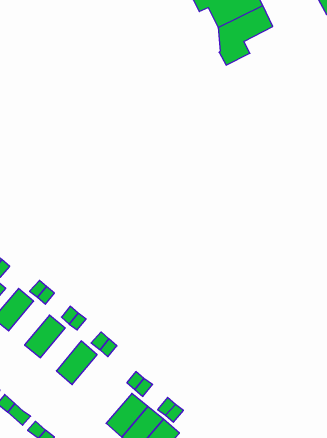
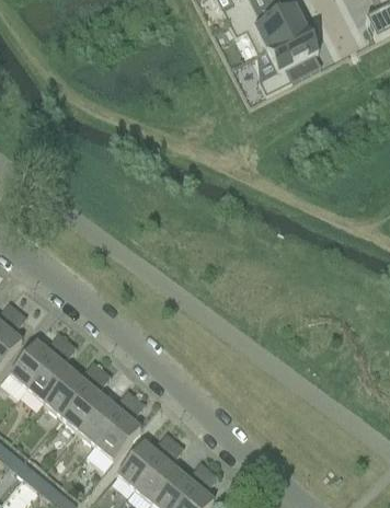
building: none -> [25,351,70,400]
building: none -> [60,381,105,428]
building: none -> [95,411,140,458]
building: none -> [115,439,161,486]

